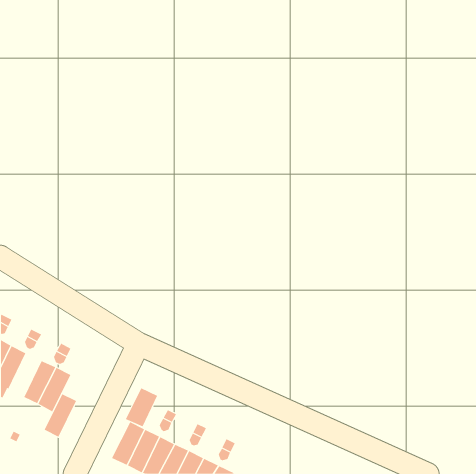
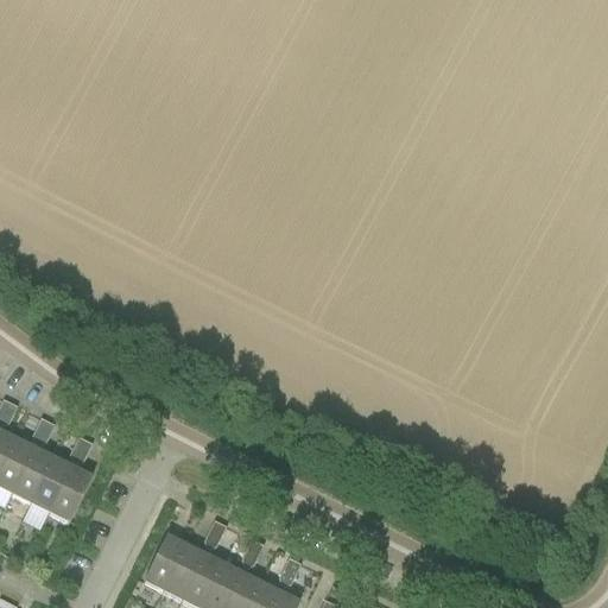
building: [125,387,158,427] -> none
building: [44,393,77,437] -> [13,448,55,504]

